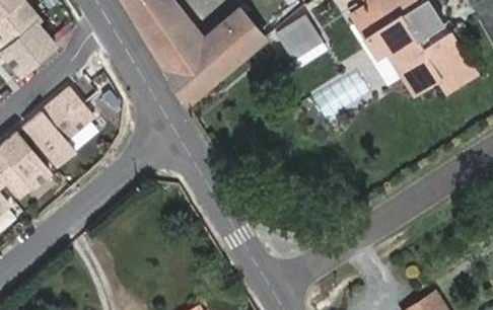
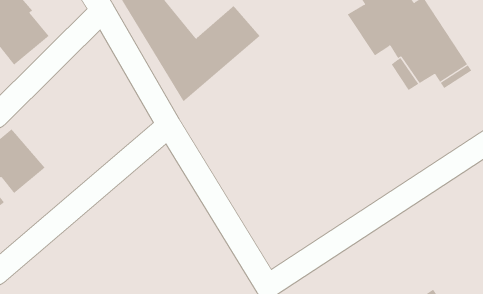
building: [280,15,320,56] -> none
building: [24,86,94,164] -> none

